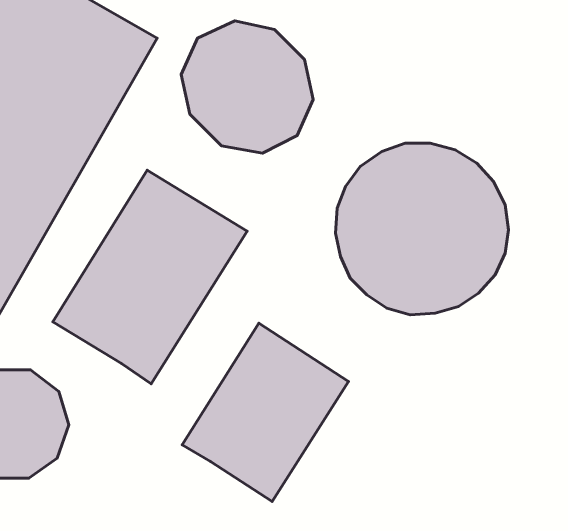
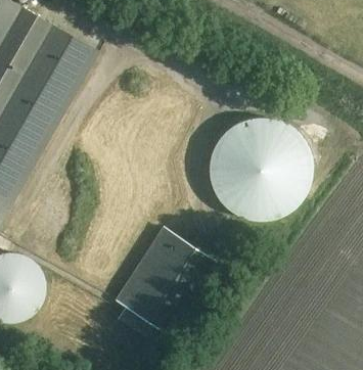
building: [181,21,313,153] -> none
building: [53,170,247,384] -> none

